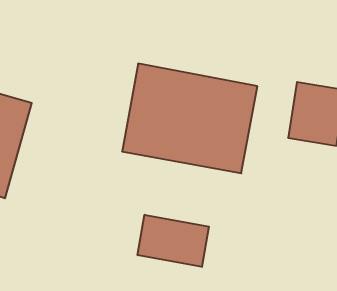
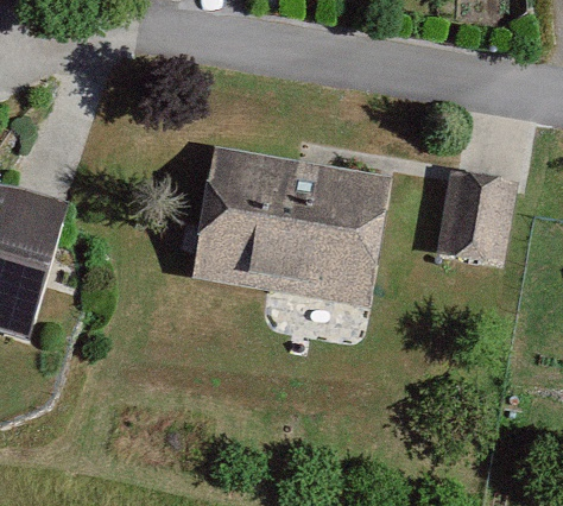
building: [138,215,209,267] -> none

